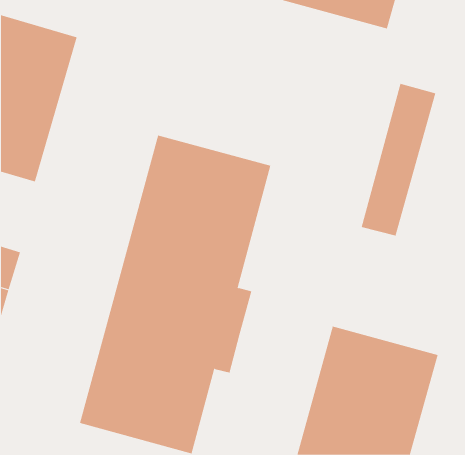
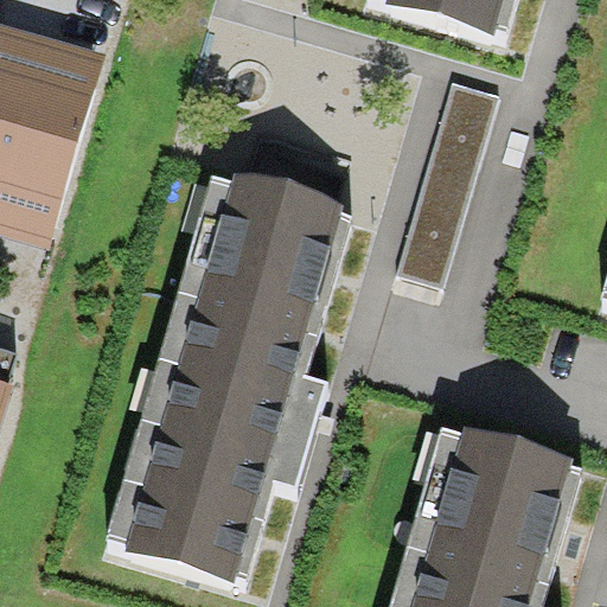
building: [361,83,436,236] -> [401,76,499,275]

